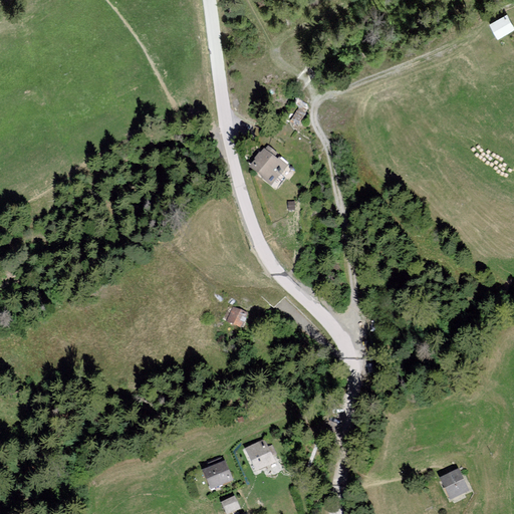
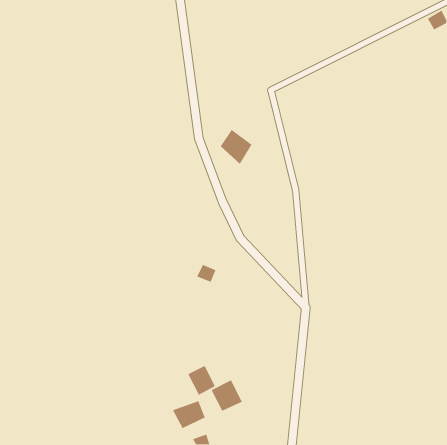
building: none -> [187,365,216,396]
building: [438,468,469,506] -> none

